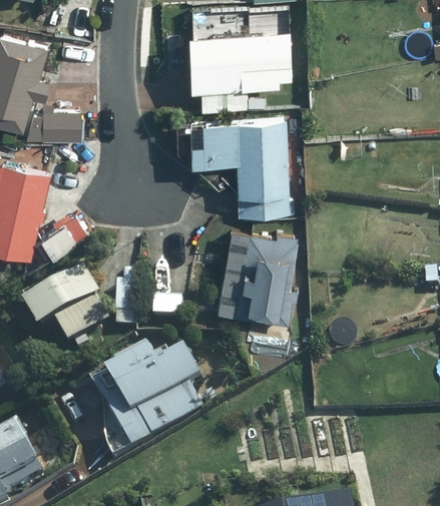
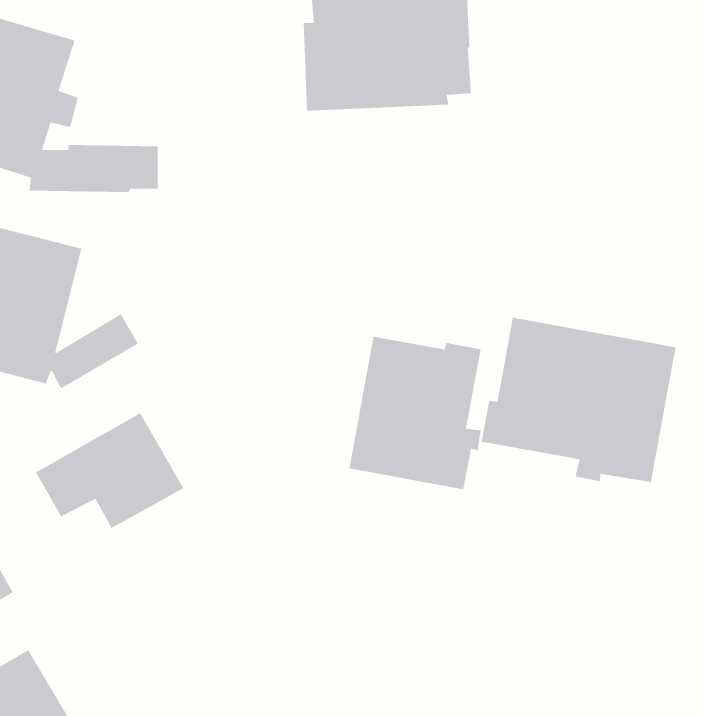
building: [189,118,295,219] -> none
building: none -> [481,317,676,483]
building: [91,349,206,456] -> none

